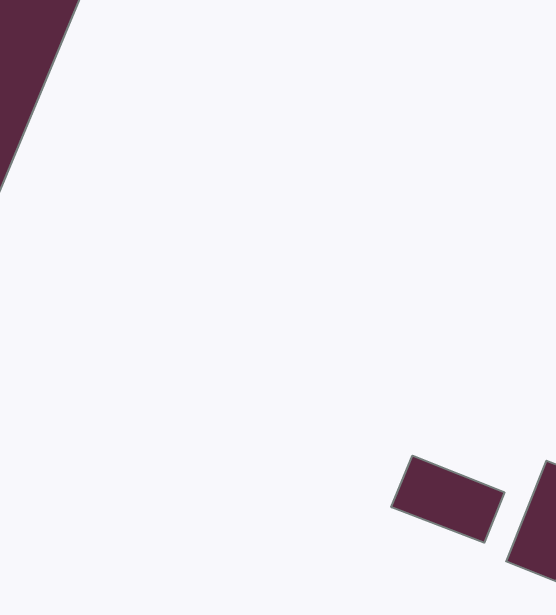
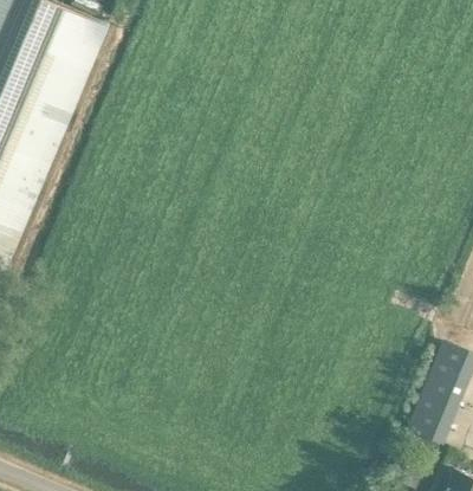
building: [391,456,504,543] -> none

